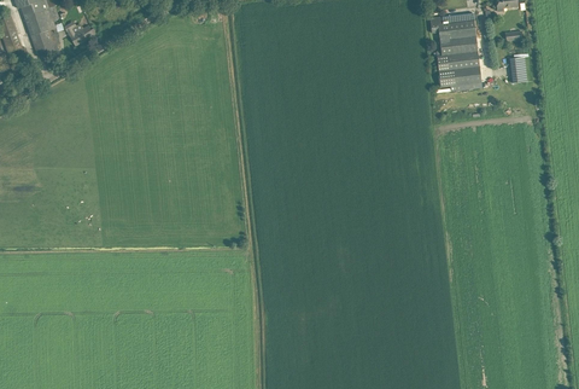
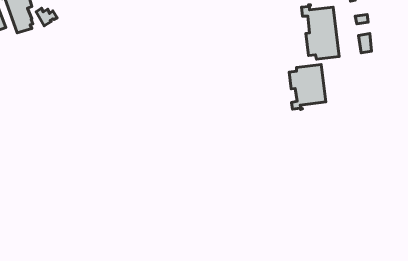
building: none -> [289,64,326,109]

